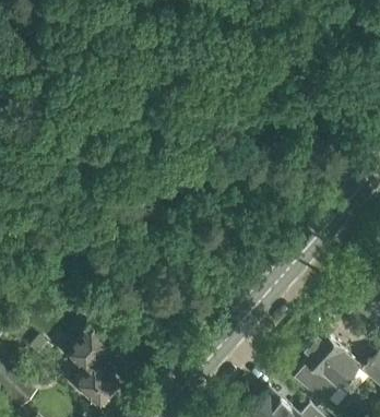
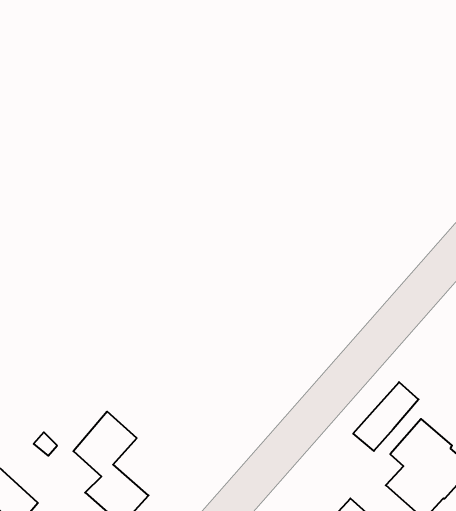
building: none -> [353,382,419,451]

